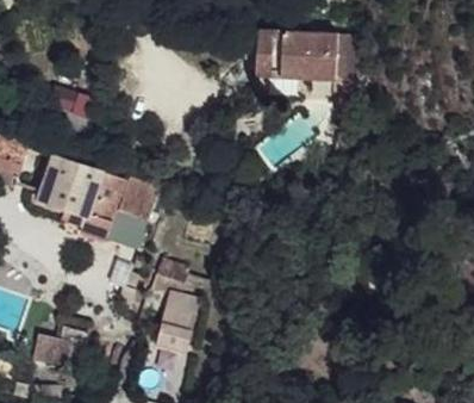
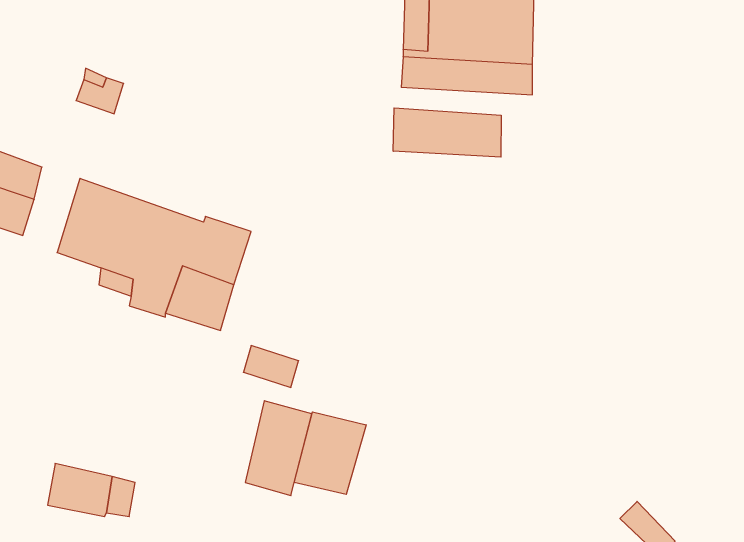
building: none -> [393,108,501,157]
building: none -> [294,412,366,494]

